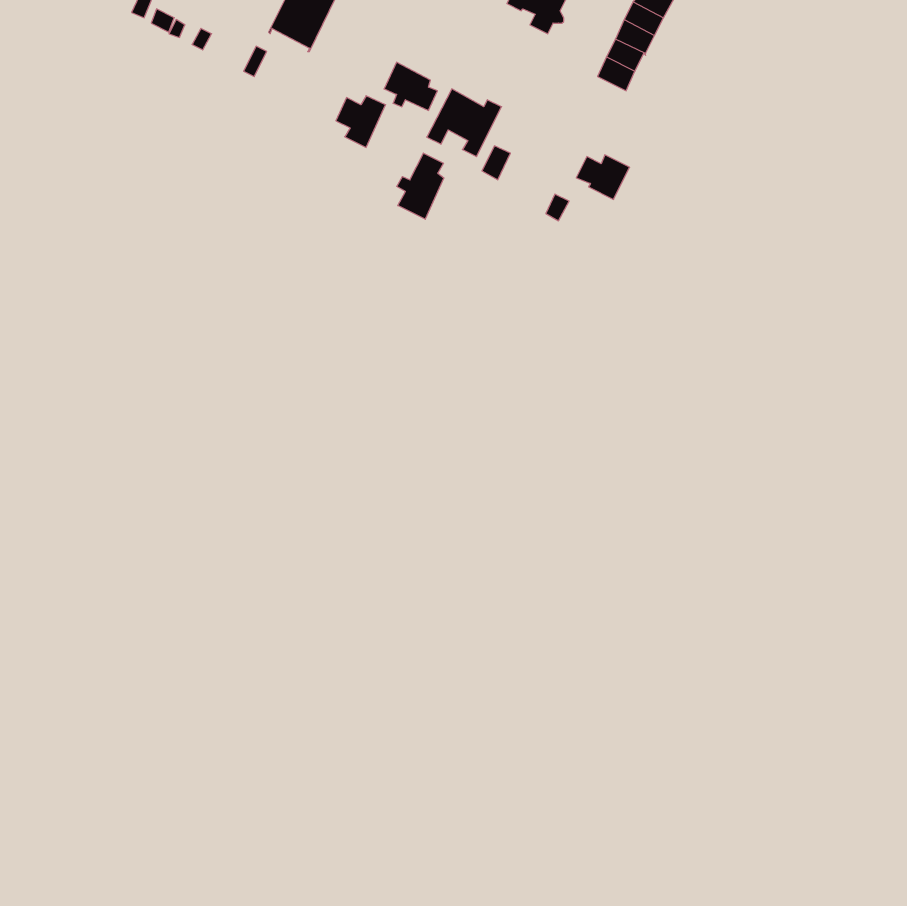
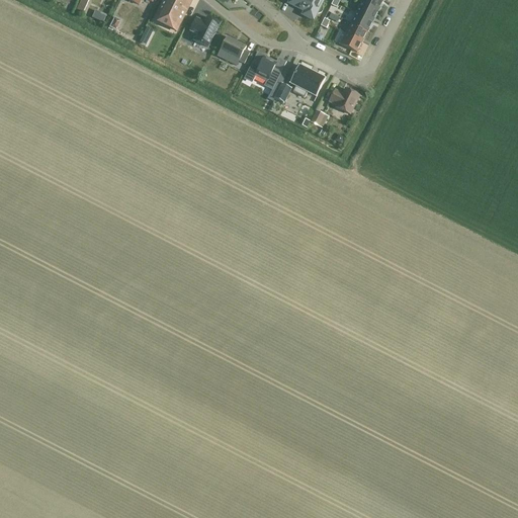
building: [336,96,386,147] -> [189,16,218,46]
building: none -> [289,64,325,97]
building: [397,153,444,219] -> none

